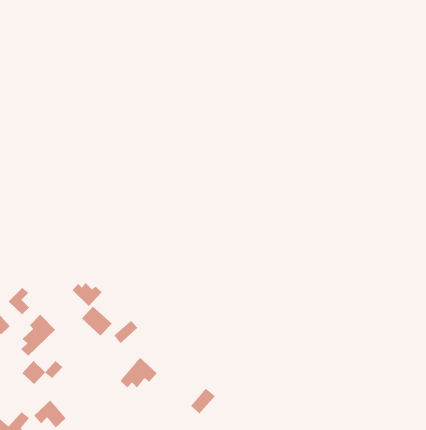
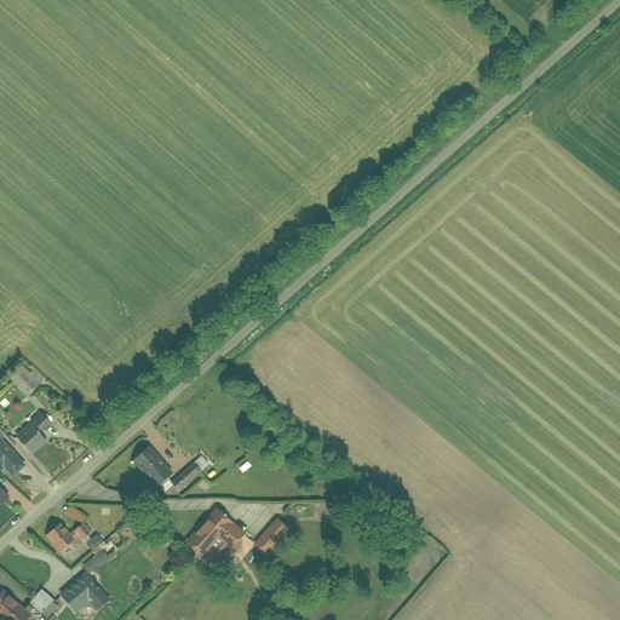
building: [72,282,102,307] -> none
building: [21,314,56,357] -> none
building: [190,388,216,414] -> [251,518,287,556]

